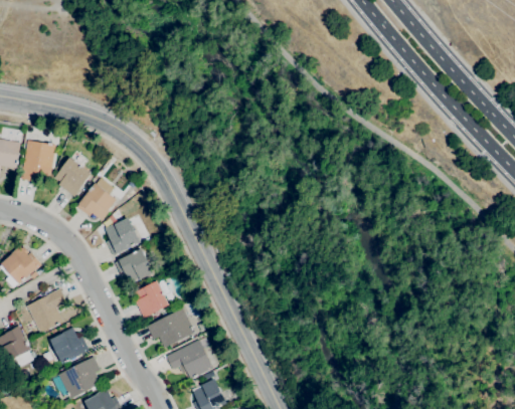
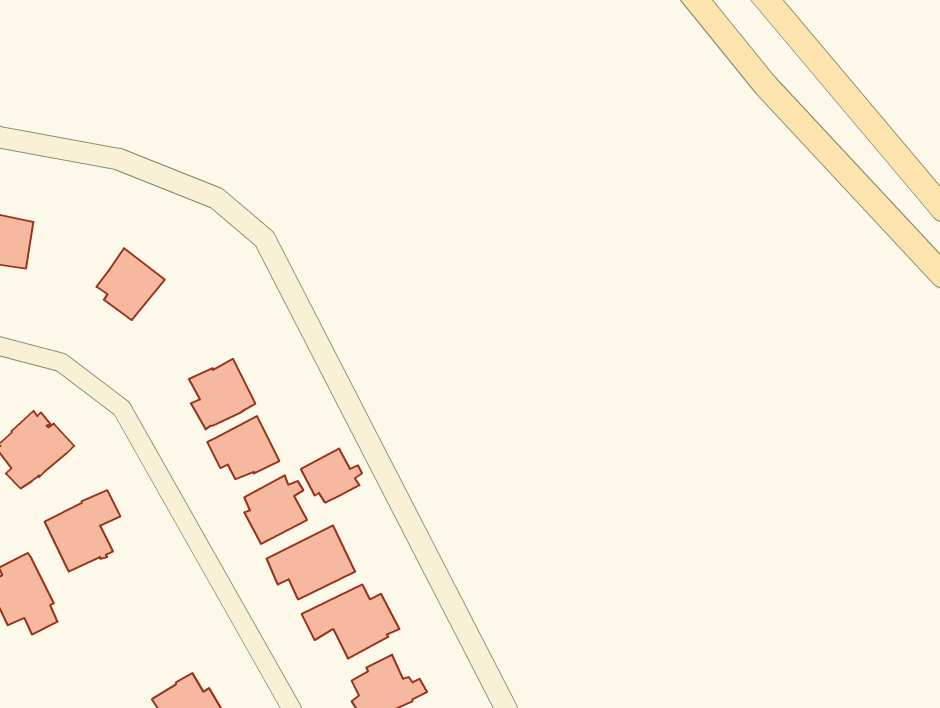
building: [21,140,56,181] -> none
building: [77,179,117,220] -> none
building: none -> [301,448,362,503]
building: [50,328,90,364] -> none
building: [57,357,101,399] -> none

